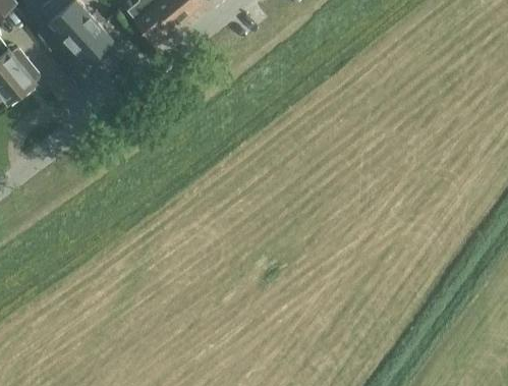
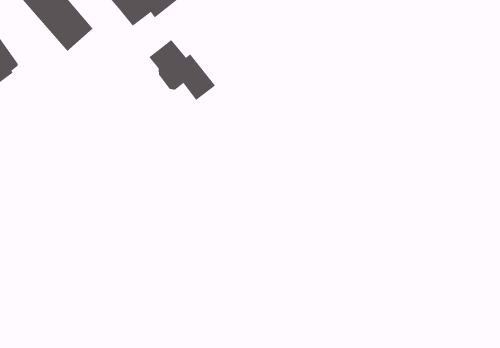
building: none -> [149,39,216,101]

